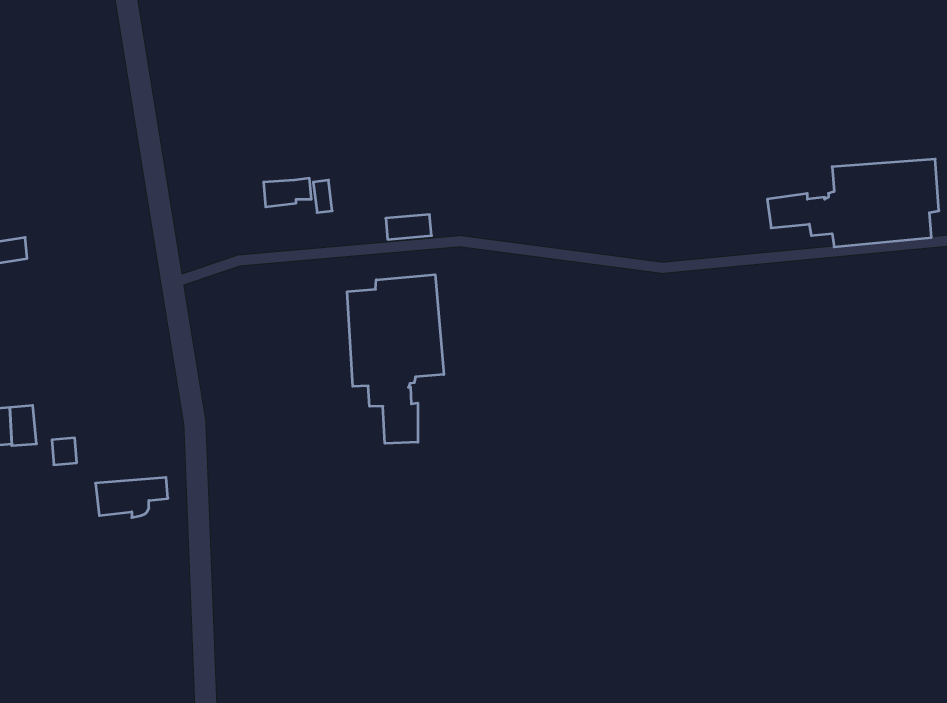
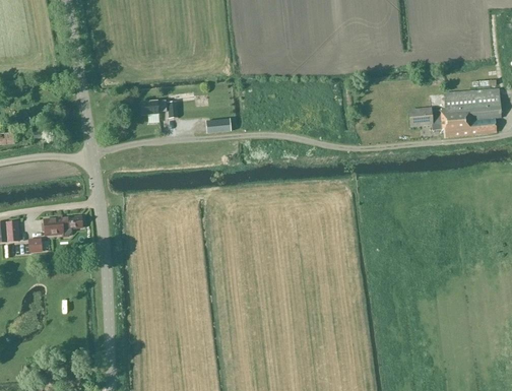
building: [347,275,444,443] -> none
building: [95,477,168,518] -> [44,215,82,237]

